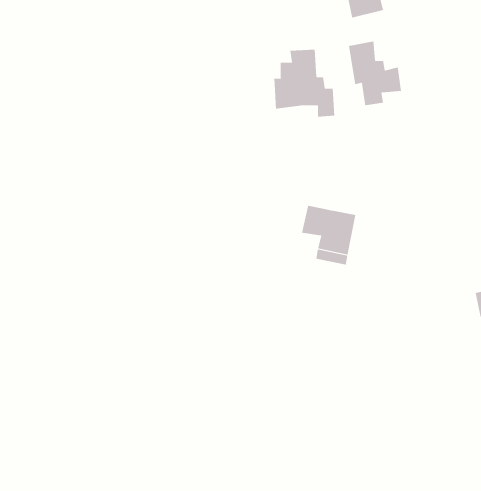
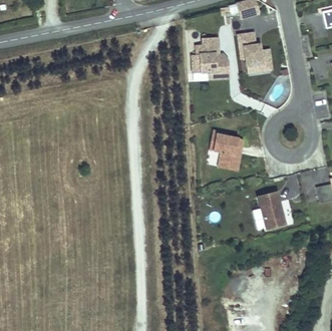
building: none -> [257,192,284,228]

